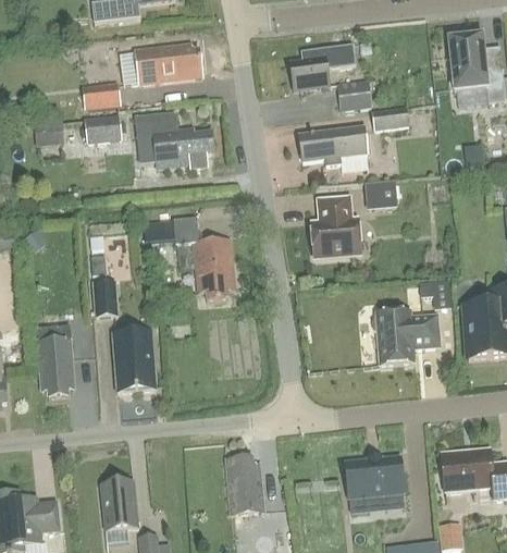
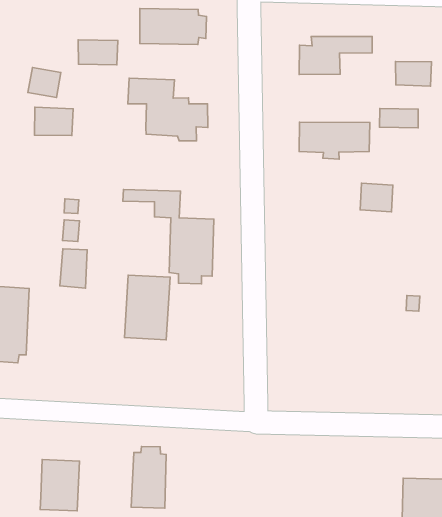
building: [336,79,372,106] -> [395,62,432,86]
building: [84,113,122,143] -> [35,107,73,136]
building: [310,199,359,257] -> none
building: [371,311,438,366] -> none
building: [111,330,154,392] -> [124,275,170,340]
building: [226,454,262,514] -> [131,447,166,508]
building: [347,456,403,496] -> none

